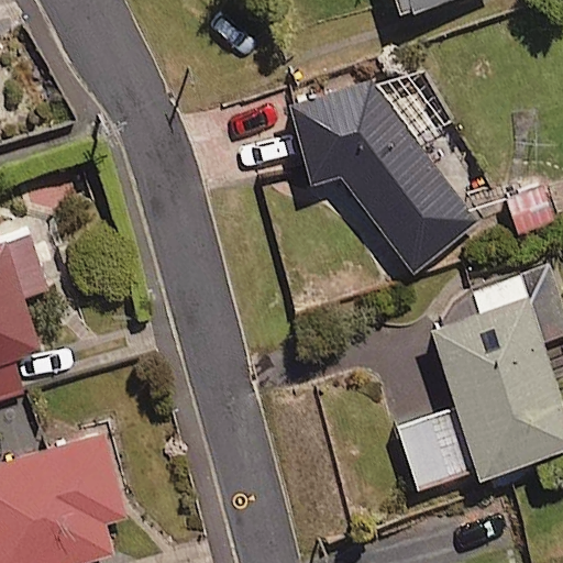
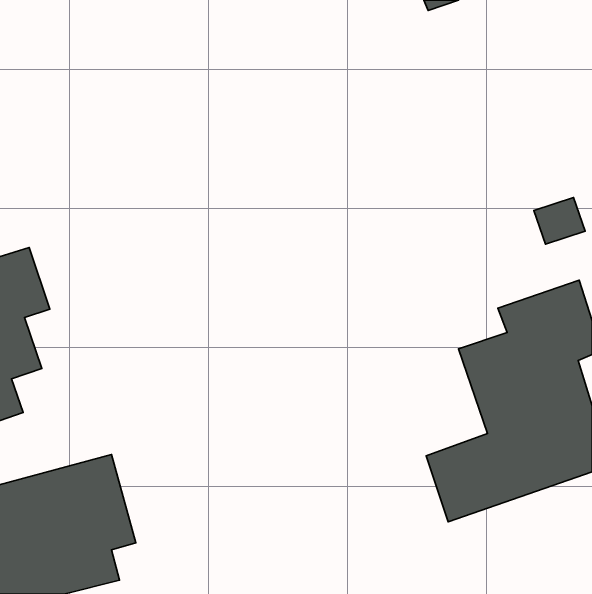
building: [290,85,477,275] -> none

